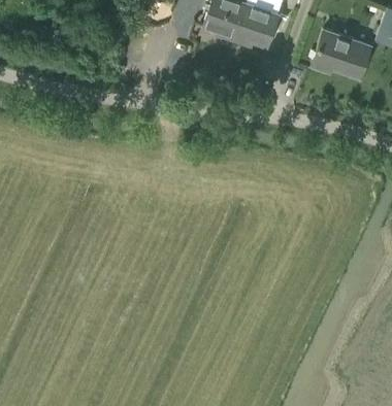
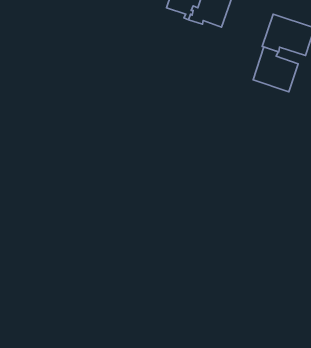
building: none -> [253,47,298,92]

